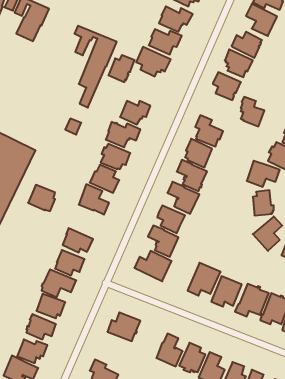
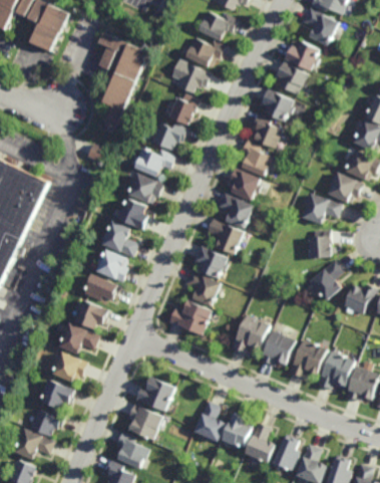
building: [108,55,135,82] -> [168,93,200,126]
building: [241,97,264,126] -> [254,113,282,149]
building: [28,185,55,211] -> [95,251,127,282]
building: none -> [128,403,163,438]

